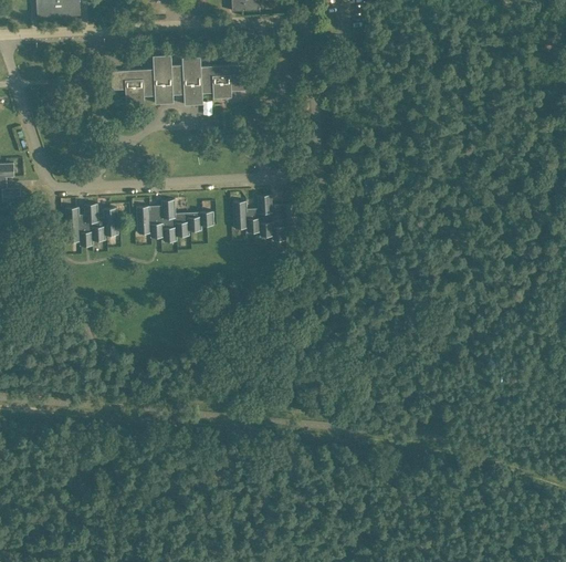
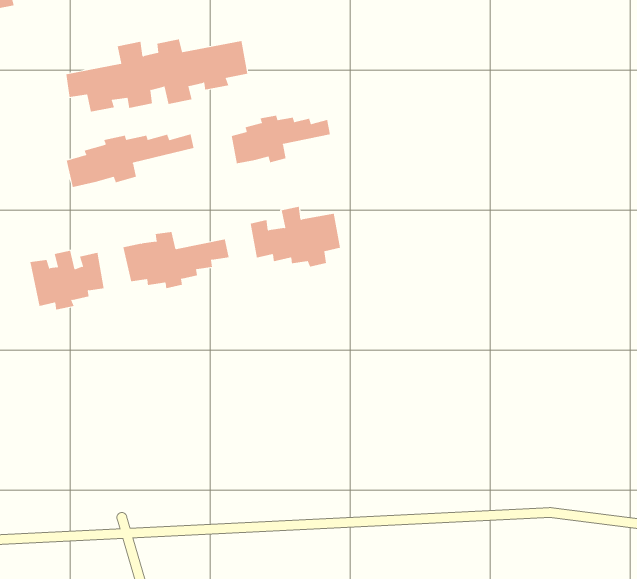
building: none -> [66,133,194,188]
building: none -> [231,115,330,164]

